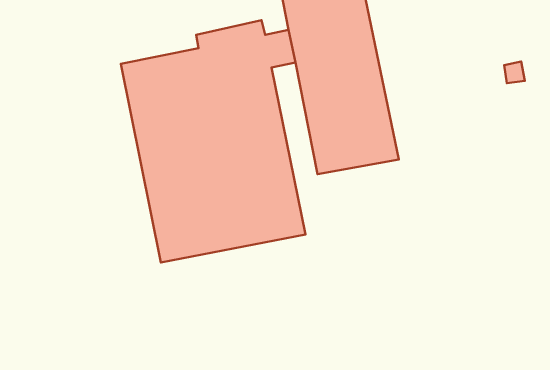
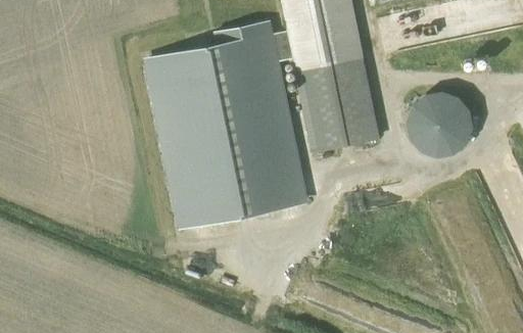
building: none -> [410,93,471,155]

